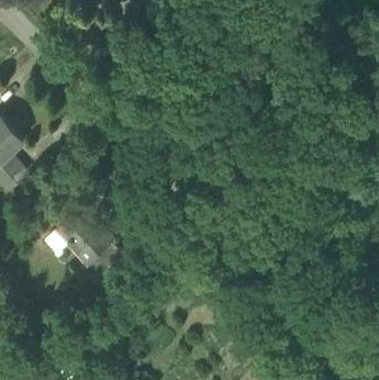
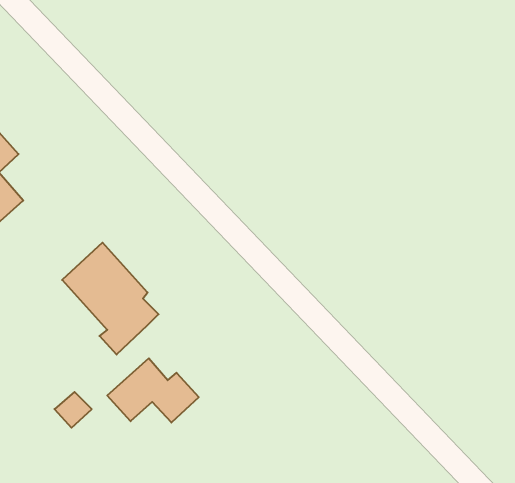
building: none -> [107,358,199,423]

